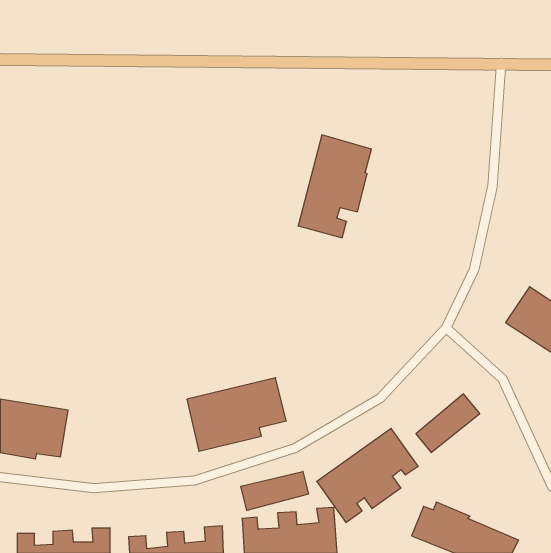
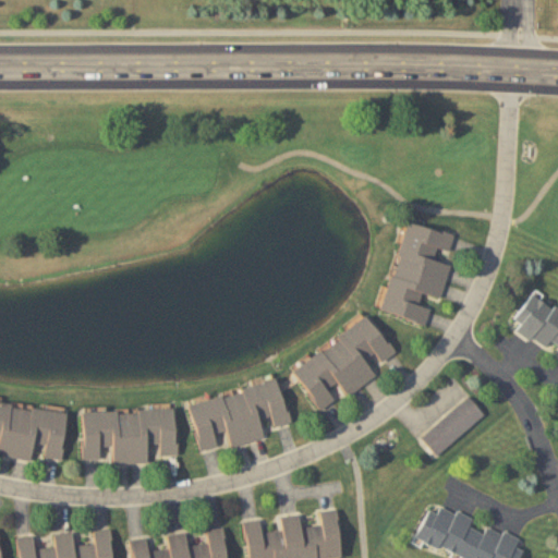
building: [298,135,371,238] -> [381,221,456,325]
building: none -> [83,409,178,465]
building: [317,428,418,523] -> [292,316,395,411]
building: [241,471,309,510] -> none

